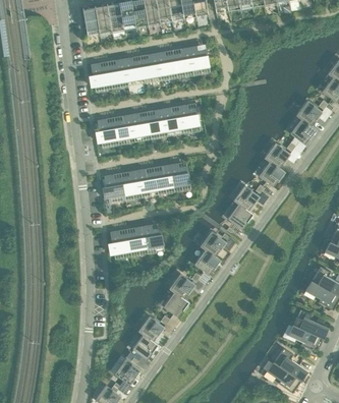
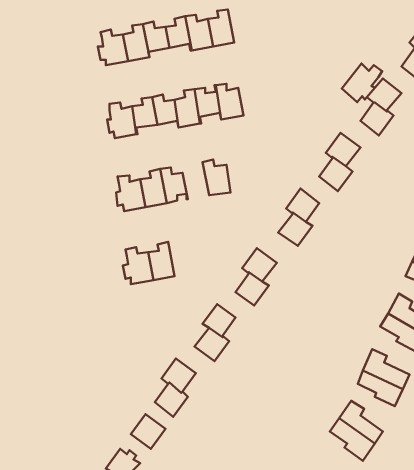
building: [187,46,209,73] -> none
building: none -> [342,63,382,102]
building: [153,165,173,193] -> none
building: [142,225,162,252] -> none

